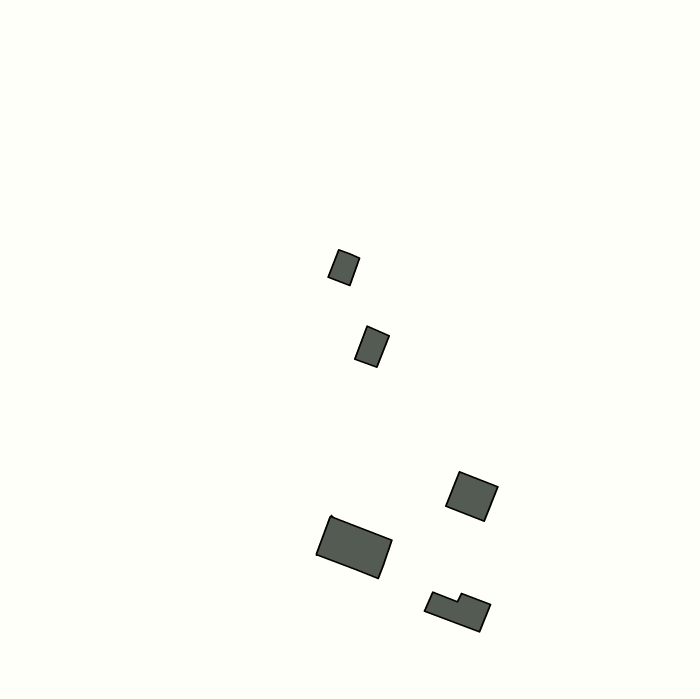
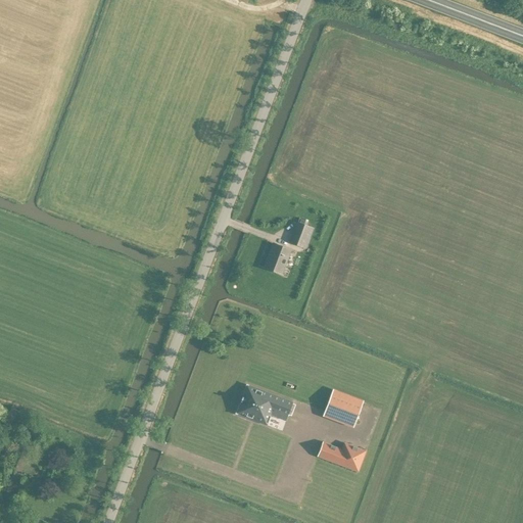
building: [328,250,360,285] -> [290,223,314,249]
building: [446,472,498,521] -> [324,386,363,423]

